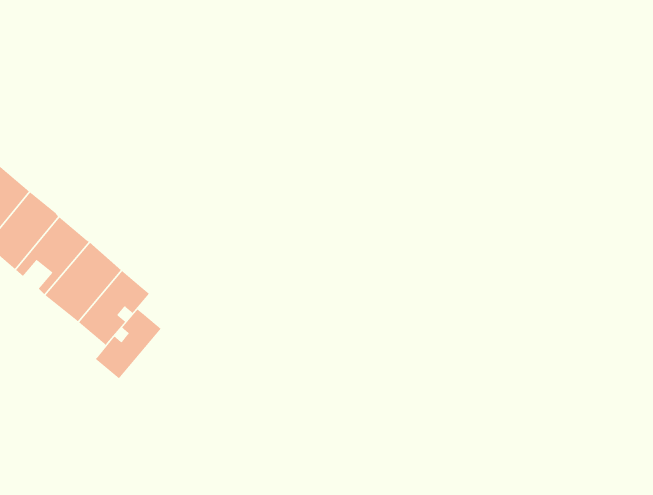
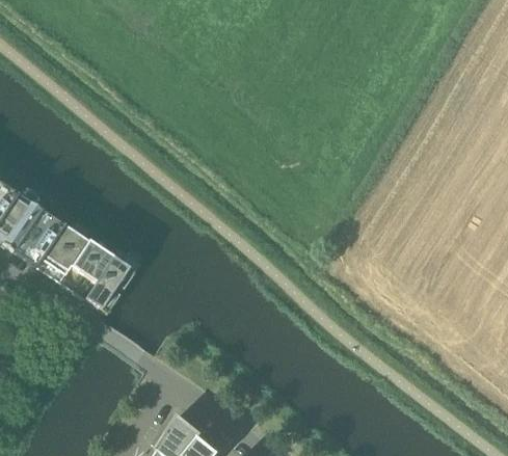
building: [95,308,162,379] -> none

